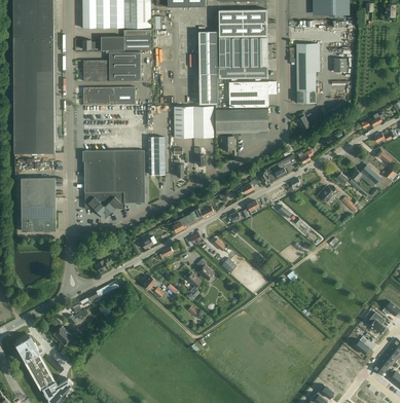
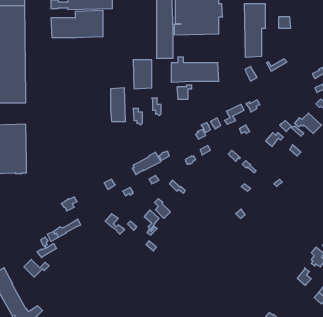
building: [228,81,276,107] -> none
building: [83,86,135,105] -> none
building: [193,106,213,137] -> none
building: [83,150,144,215] -> none

